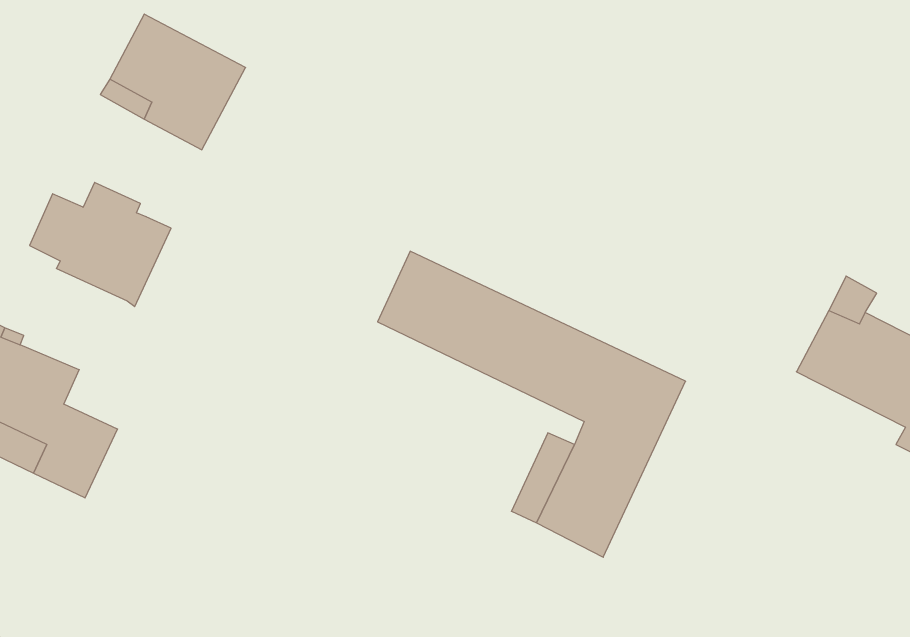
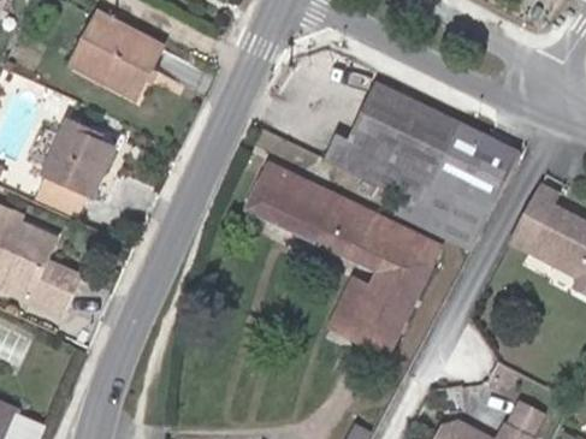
building: none -> [325,82,520,248]
building: none -> [35,174,88,216]

